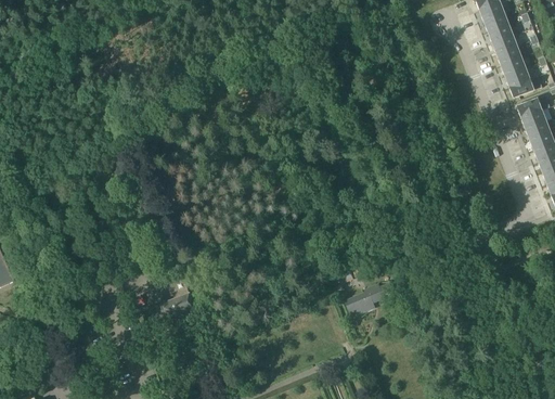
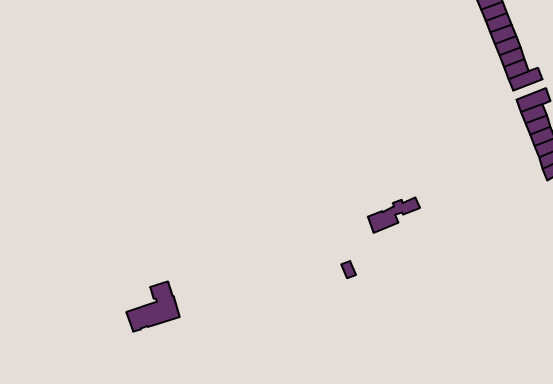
building: [346,282,396,316] -> [368,198,420,233]

